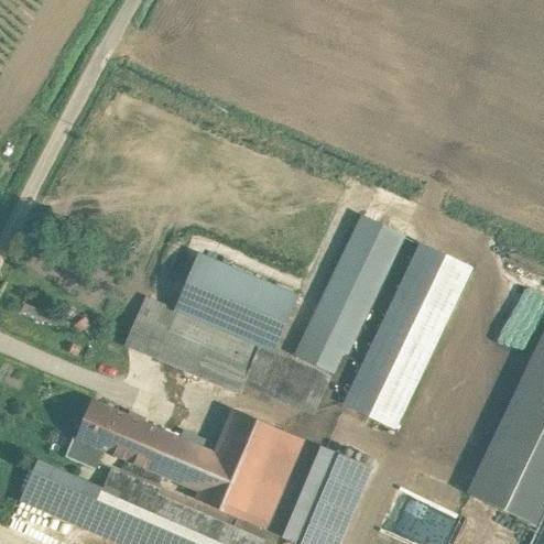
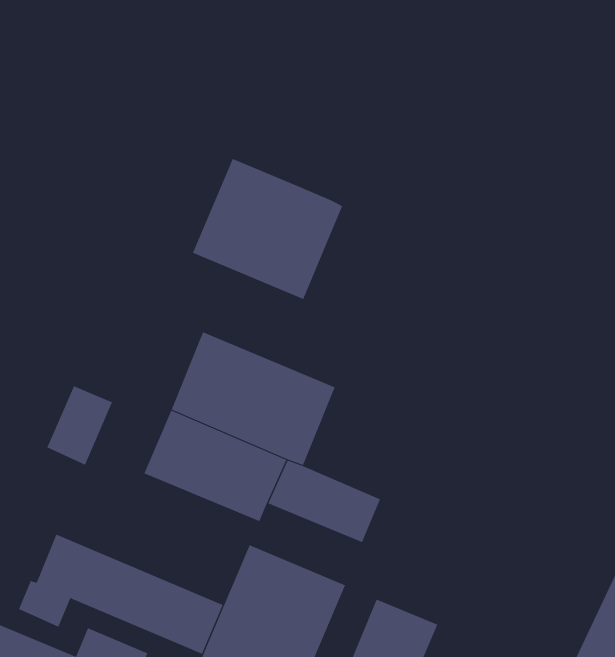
building: none -> [192,158,343,300]
building: [296,216,401,371] -> none
building: [345,244,468,426] -> none
building: [127,298,175,357] -> [46,386,113,466]

